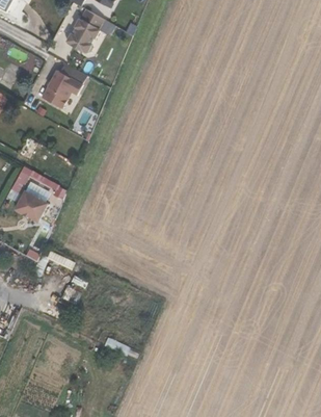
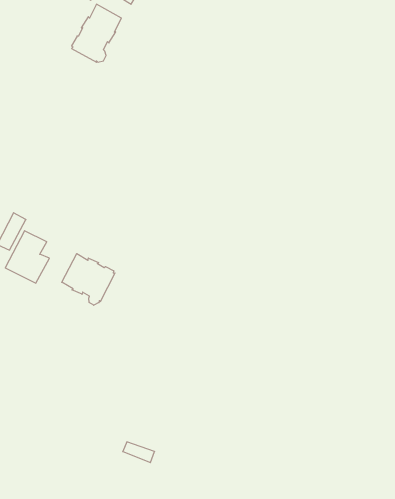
building: [42,62,86,107] -> none
building: none -> [62,254,115,305]

